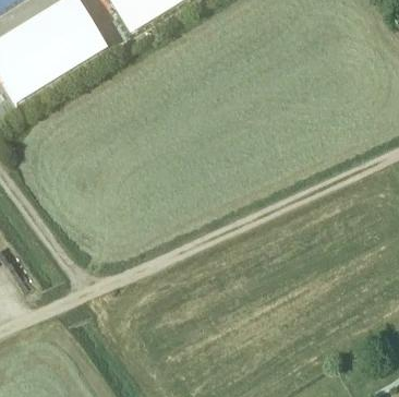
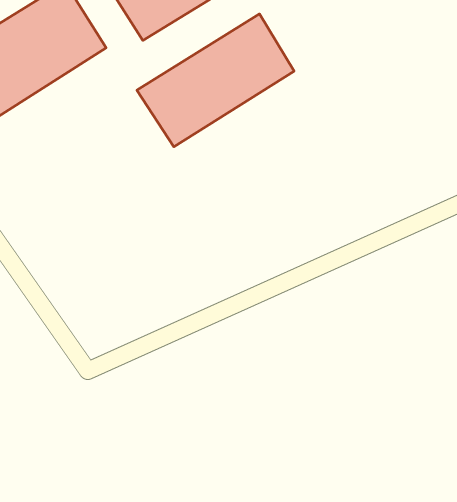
building: none -> [137,14,294,147]

